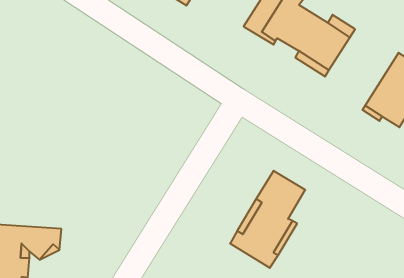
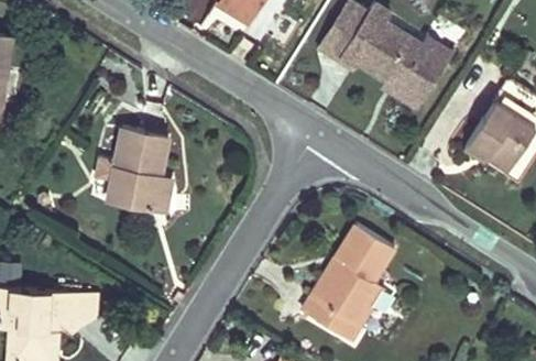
building: none -> [97,129,173,212]

